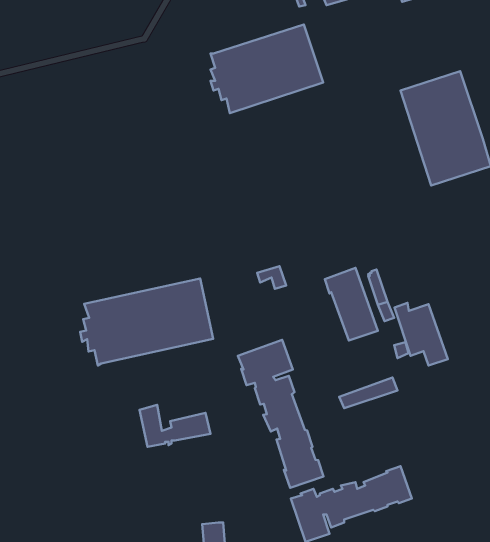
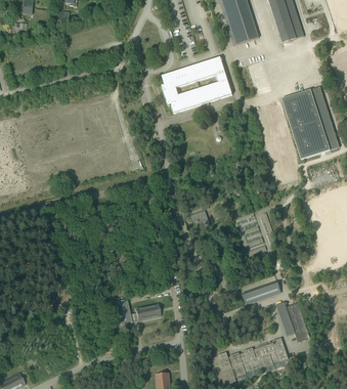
building: [80,278,213,365] -> none
building: [394,303,448,366] -> [276,302,310,342]
building: [238,340,323,488] -> none

